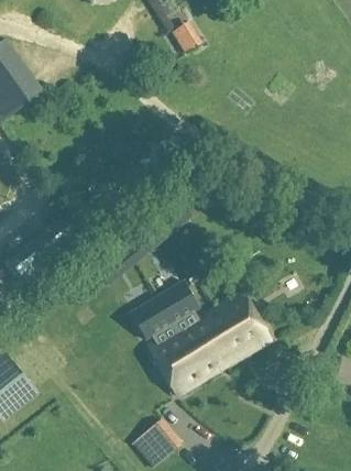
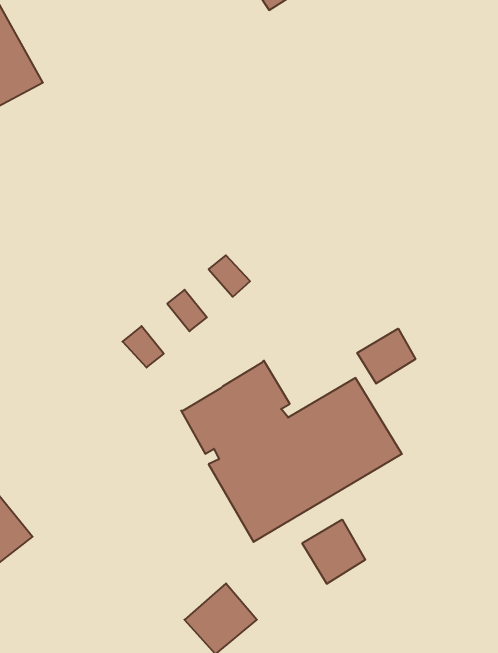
building: none -> [357,329,415,384]
building: none -> [302,520,365,584]

